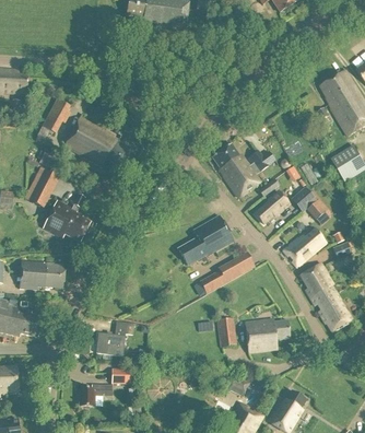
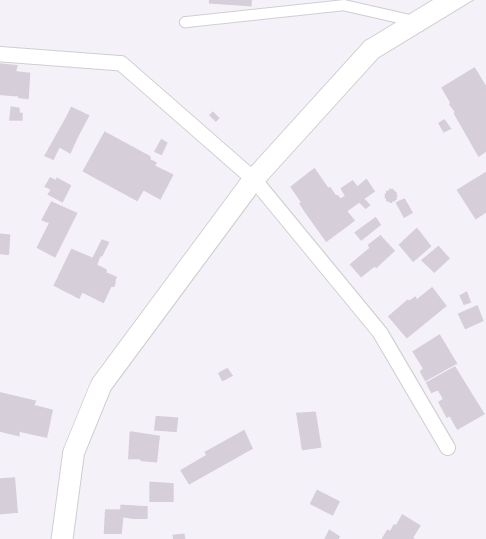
building: [177,215,233,266] -> none
building: [200,253,254,293] -> [179,429,254,485]
building: [19,261,64,290] -> none
building: [244,319,290,352] -> none

